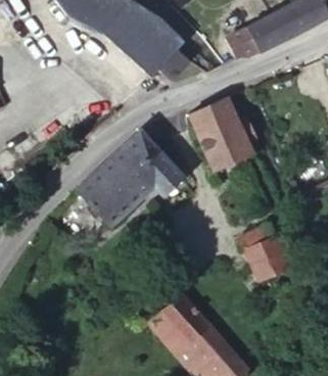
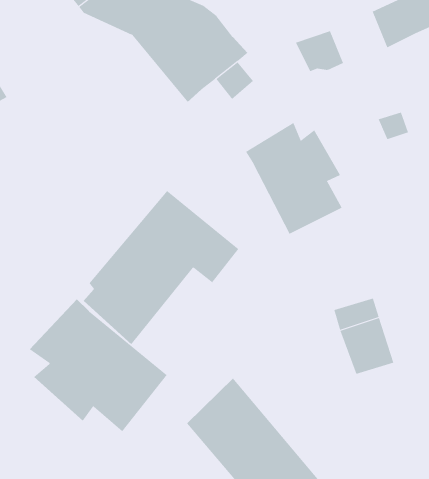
building: [245,17,284,56] -> none
building: none -> [29,299,168,432]

